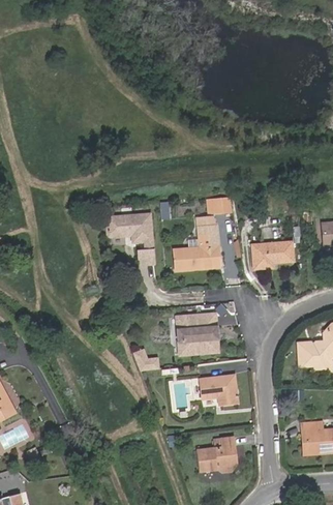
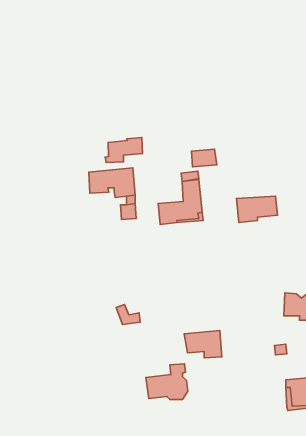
building: none -> [105,138,142,163]
building: [177,313,215,354] -> none
building: [196,437,238,472] -> [146,364,188,400]

